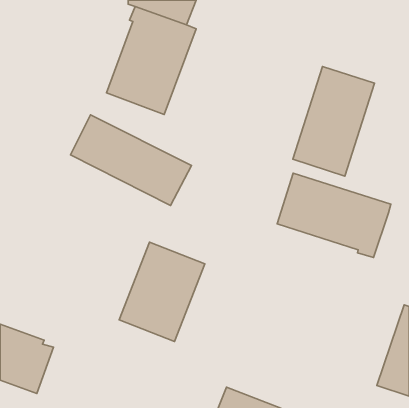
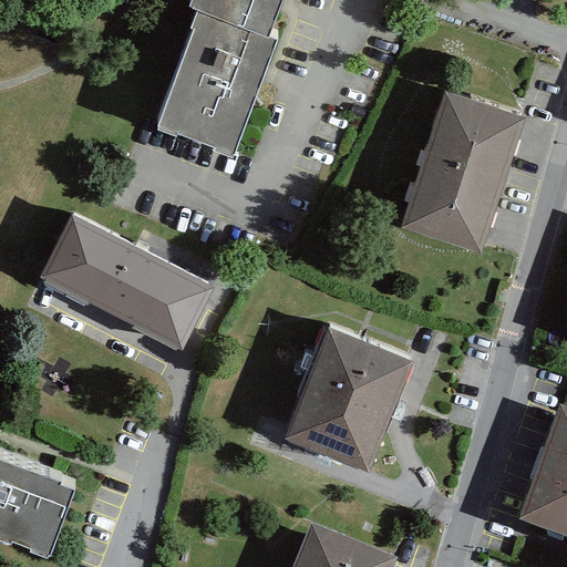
building: [71,115,191,205] -> [45,218,213,343]
building: [277,173,391,258] -> none
building: [119,242,205,342] -> [288,328,406,465]

